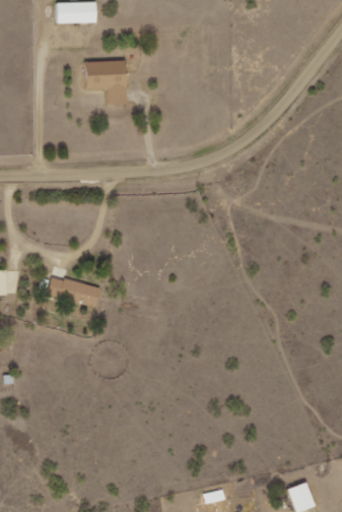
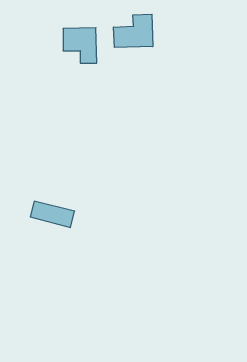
building: none -> [114,14,153,47]

